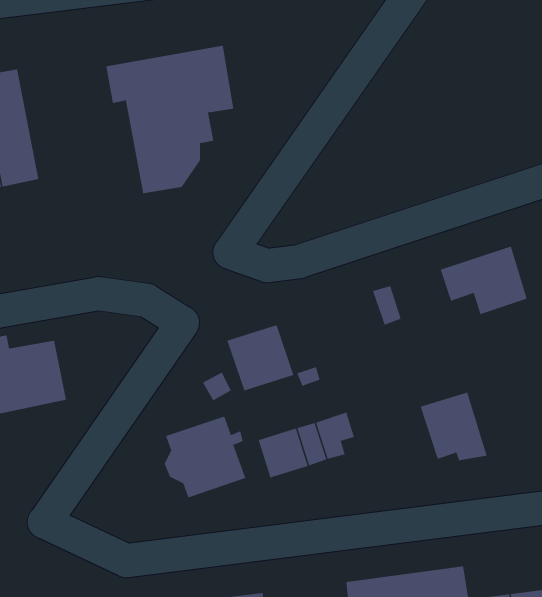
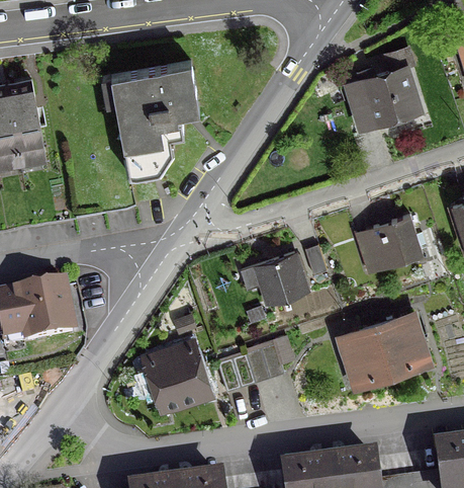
building: none -> [347,49,419,125]
building: [227,325,294,391] -> [255,252,306,303]
building: none -> [376,313,425,374]

